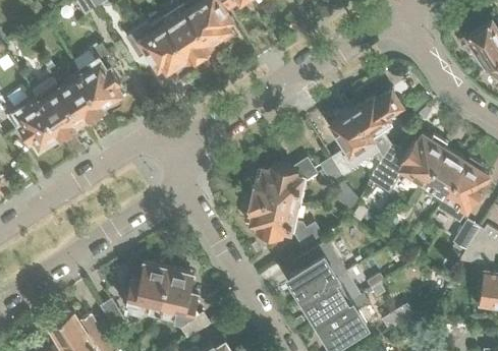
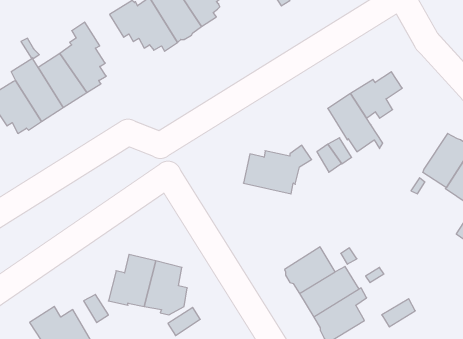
building: [373,135,446,183] -> none
building: [244,195,321,247] -> none

